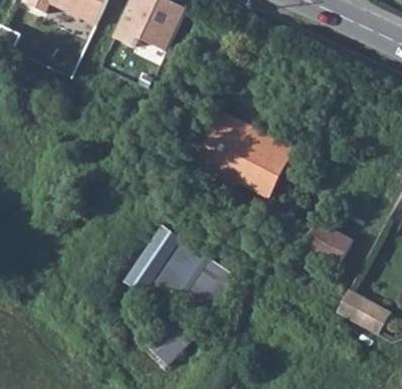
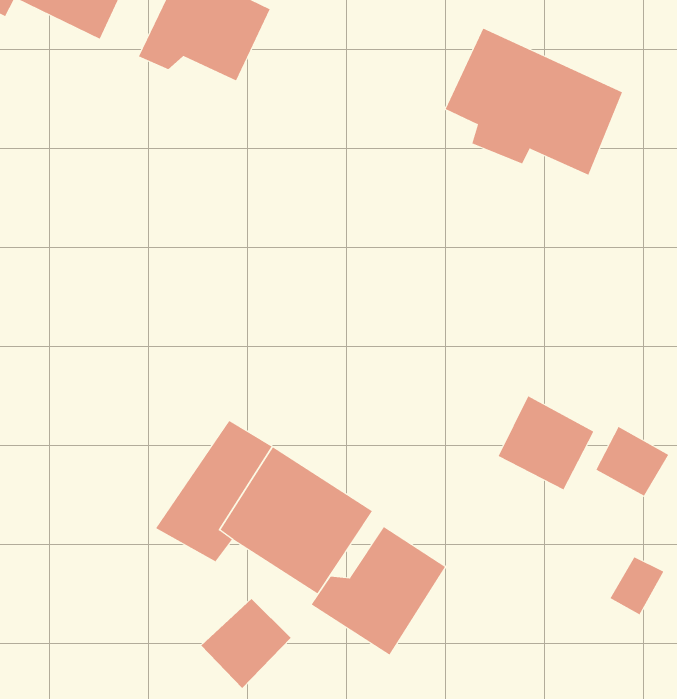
building: [200,115,294,193] -> [445,28,623,176]
building: none -> [311,526,446,655]
building: [336,285,375,323] -> [595,426,669,496]

